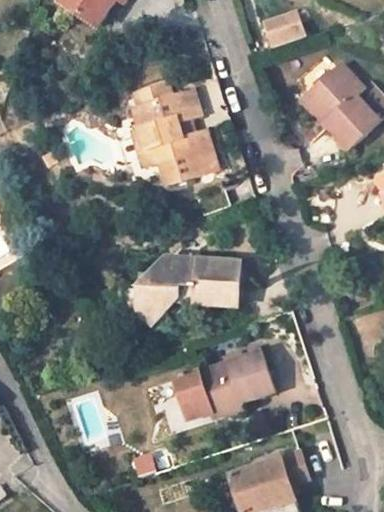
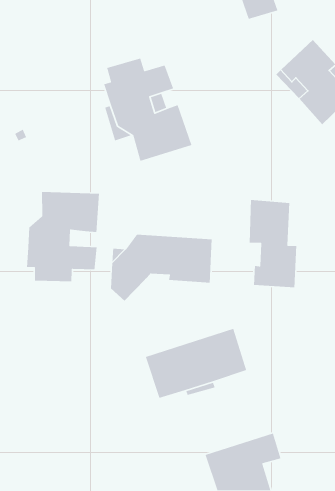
building: none -> [26,191,100,282]
building: none -> [249,199,297,288]

